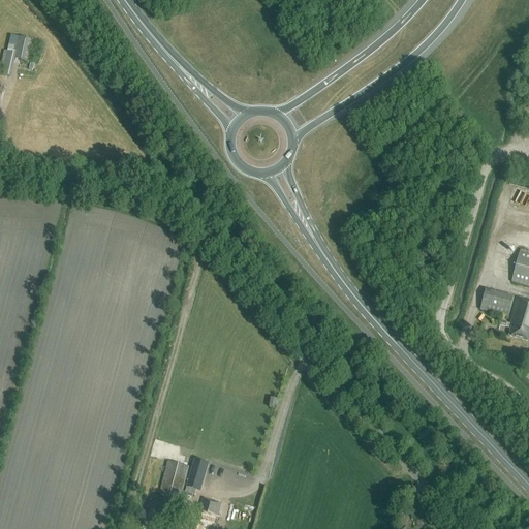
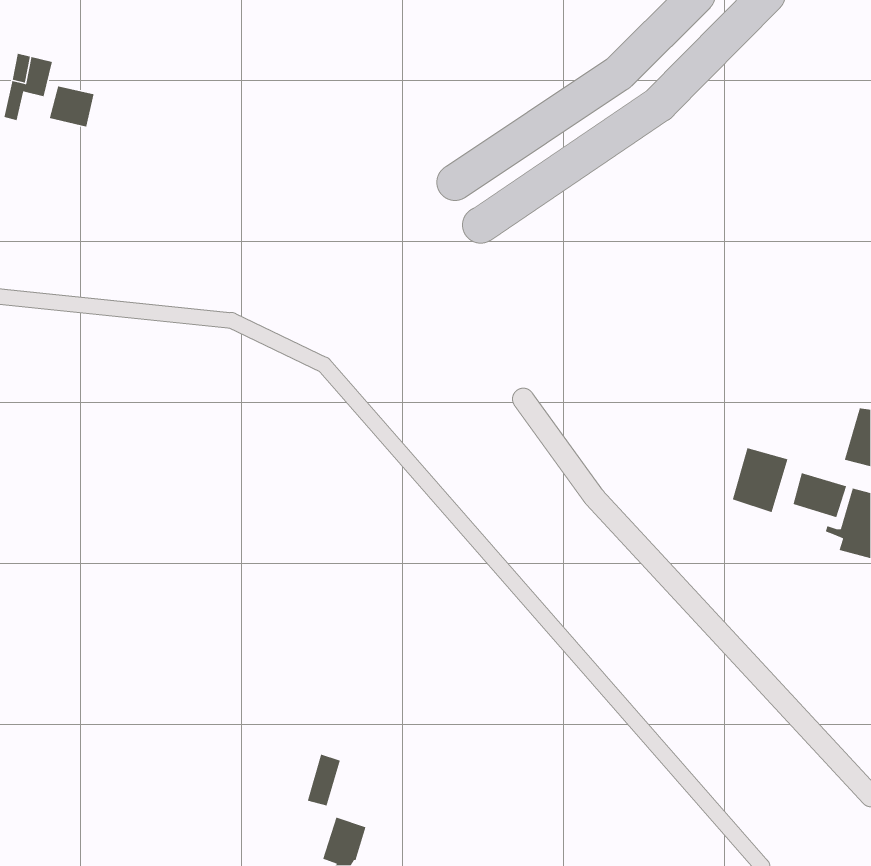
building: none -> [49,86,95,128]
building: none -> [732,447,788,513]
building: [160,459,192,499] -> none

